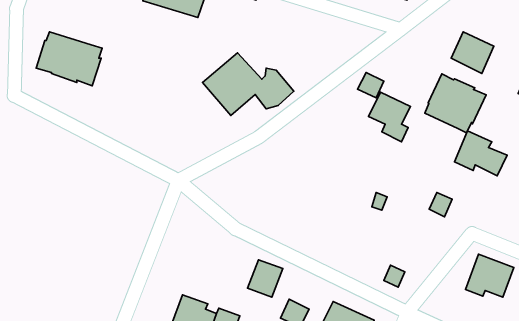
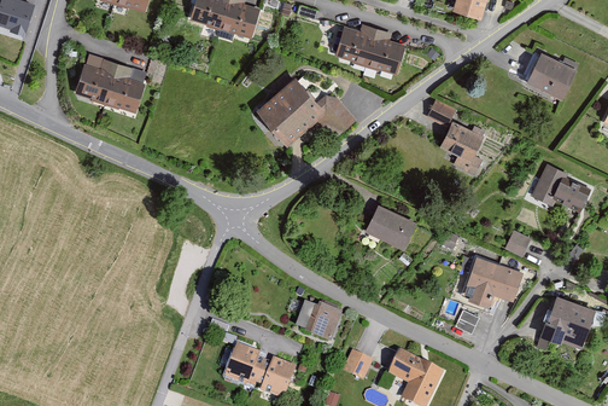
building: none -> [337,24,407,75]
building: [425,74,486,133] -> none
building: none -> [367,205,416,249]
building: none -> [464,256,520,306]

